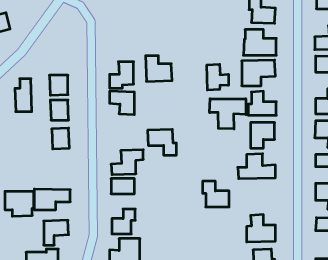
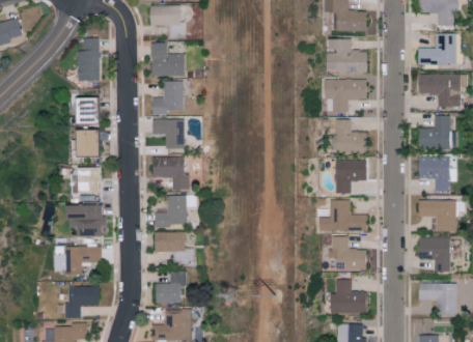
building: none -> [150,5,186,36]
building: [146,56,172,81] -> [151,44,186,77]
building: [207,64,228,90] -> none
building: [15,79,32,112] -> [78,38,100,81]
building: [210,99,246,129] -> none
building: [148,129,176,155] -> [152,156,190,190]
building: [203,181,229,207] -> [332,237,366,270]
building: [5,191,34,216] -> [66,205,104,237]

